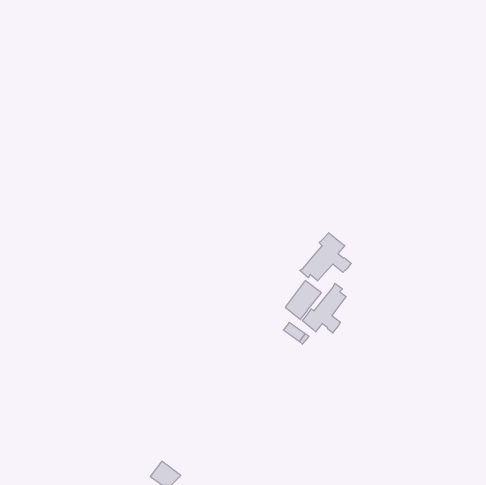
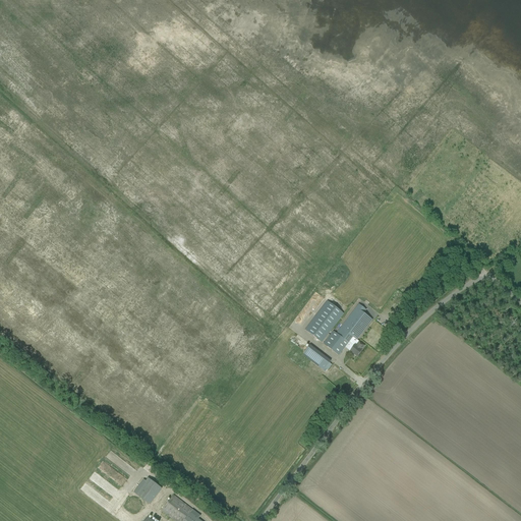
building: [300,233,351,281] -> none
building: none -> [133,475,161,504]

